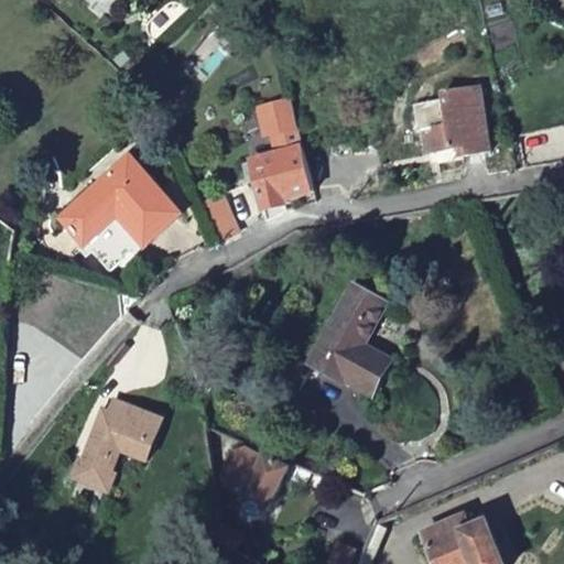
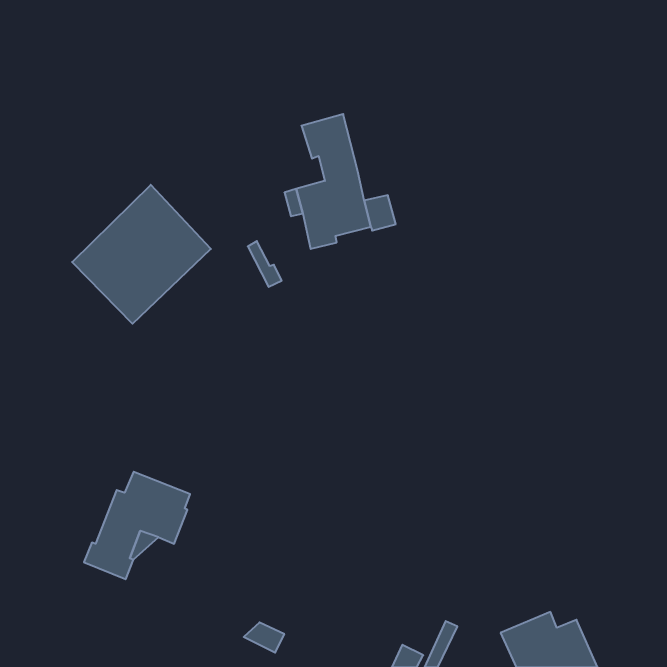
building: [413,86,489,154] -> none
building: [312,286,386,389] -> none
building: [221,447,288,518] -> none

